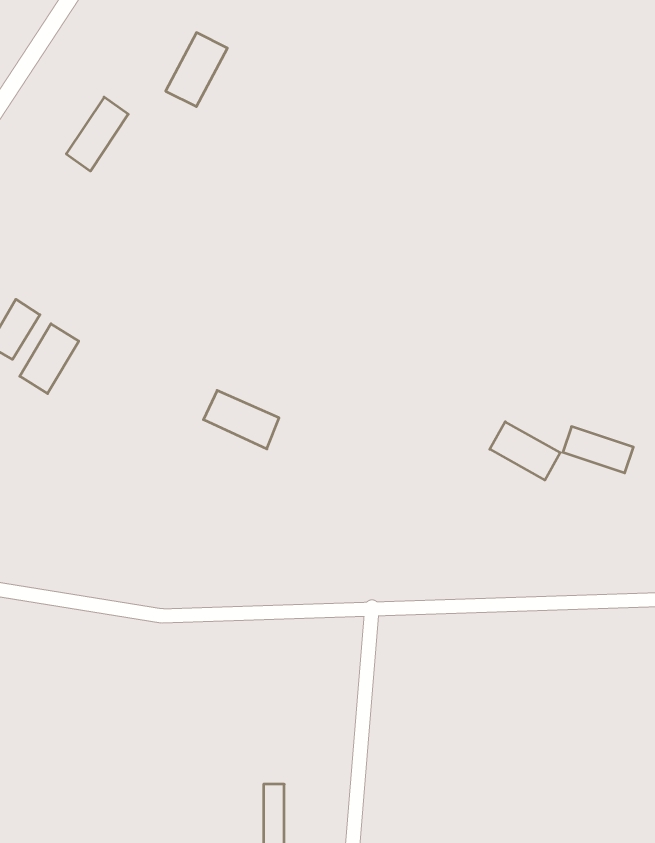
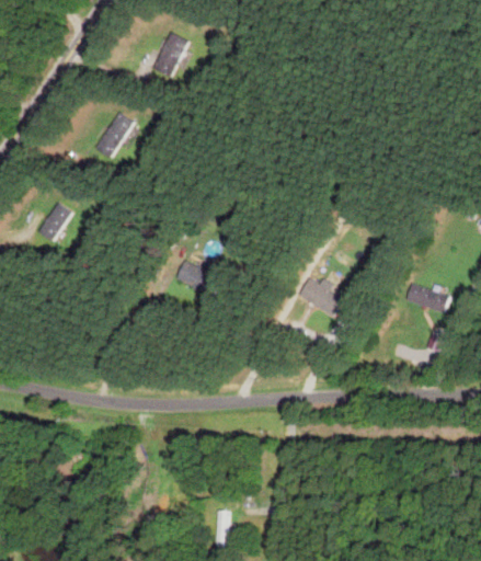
building: [66,97,128,171] -> [95,111,135,158]
building: [20,324,79,394] -> none
building: [490,422,560,480] -> [300,278,345,316]

